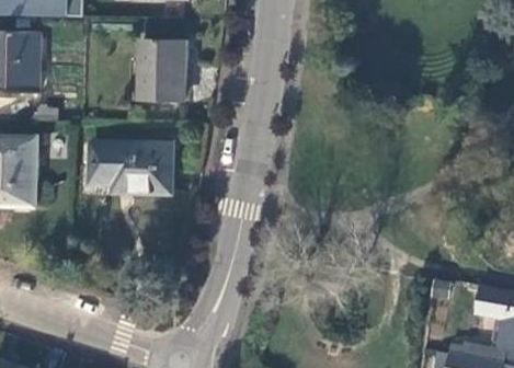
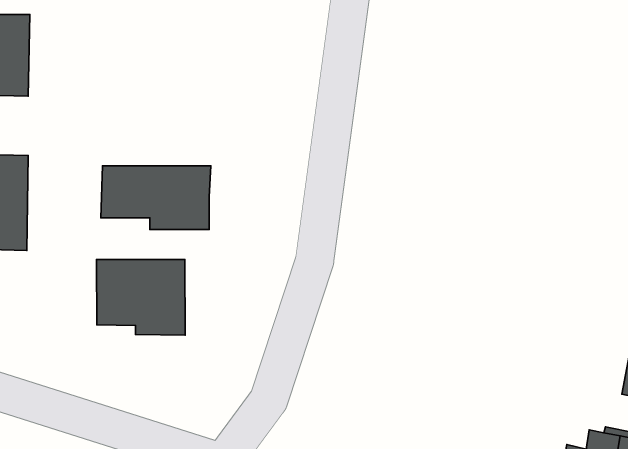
building: [137,39,185,101] -> none
building: none -> [96,260,185,335]

